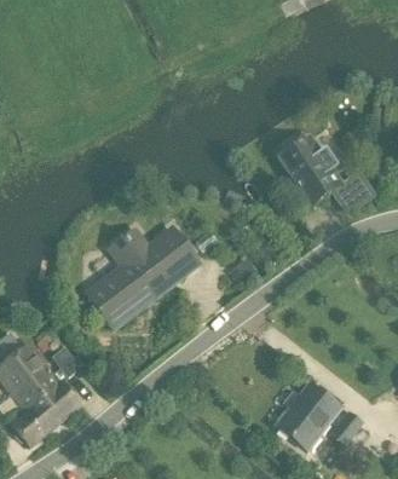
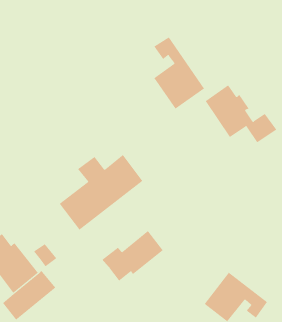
building: none -> [154,37,205,109]
building: none -> [102,230,164,282]

